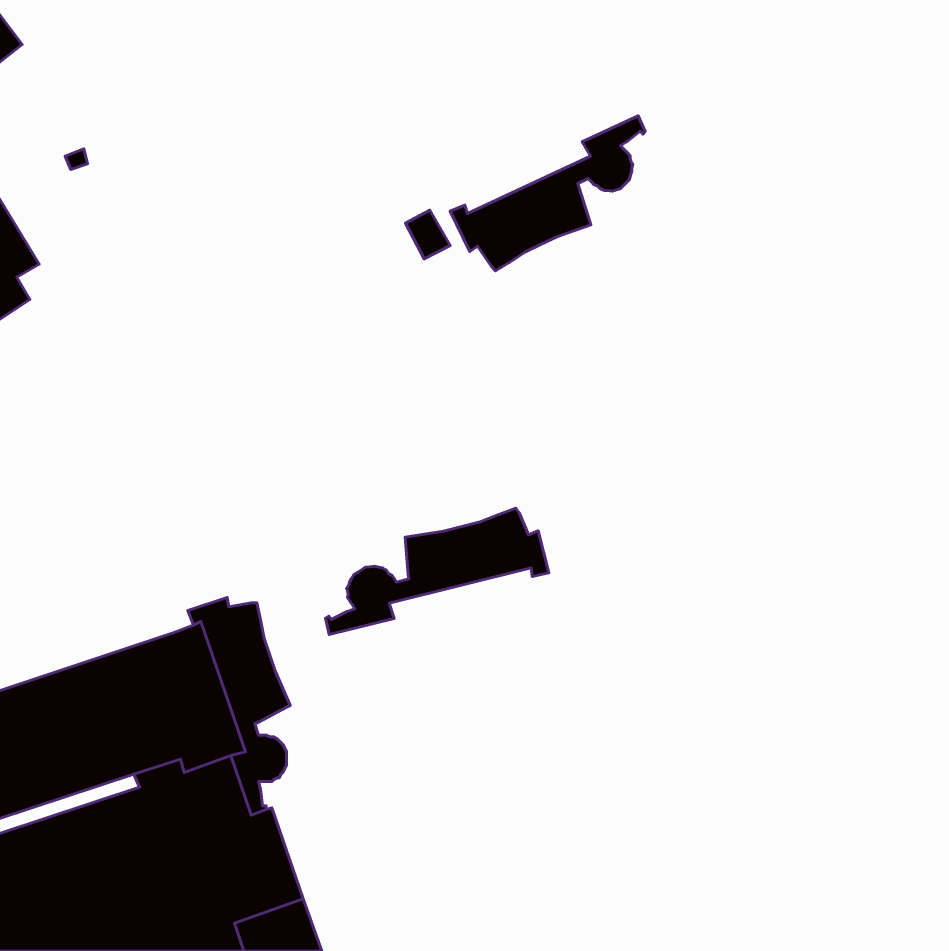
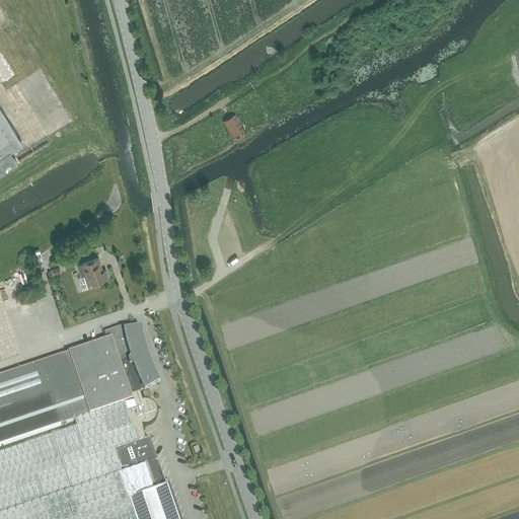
building: [450,116,645,271] -> none
building: none -> [76,258,107,290]
building: [326,508,549,635] -> none

